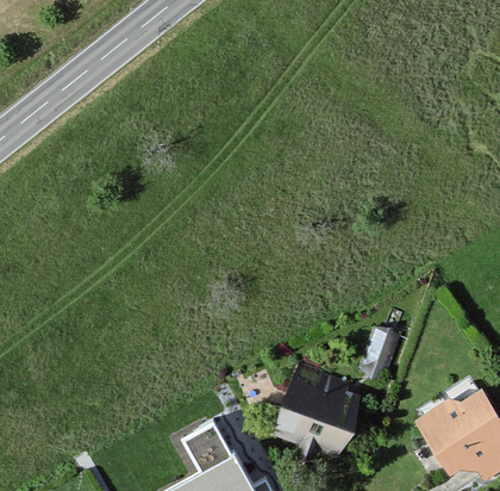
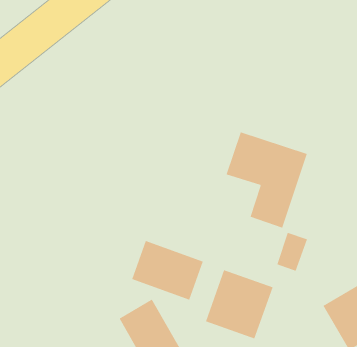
building: none -> [226,131,307,228]
building: none -> [131,240,203,300]

